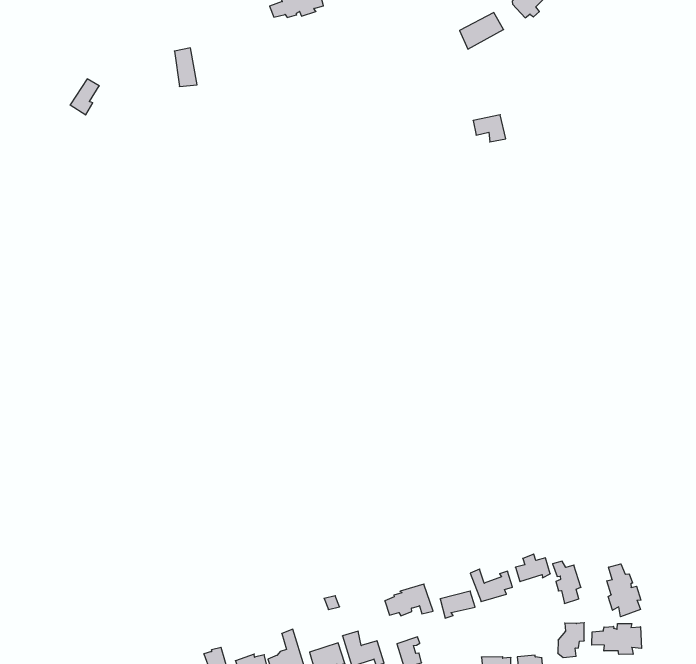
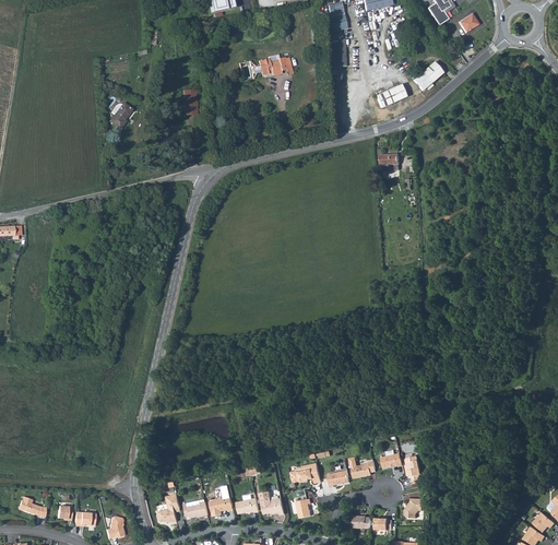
building: [607,564,641,617] -> none
building: [592,624,641,654] -> none

